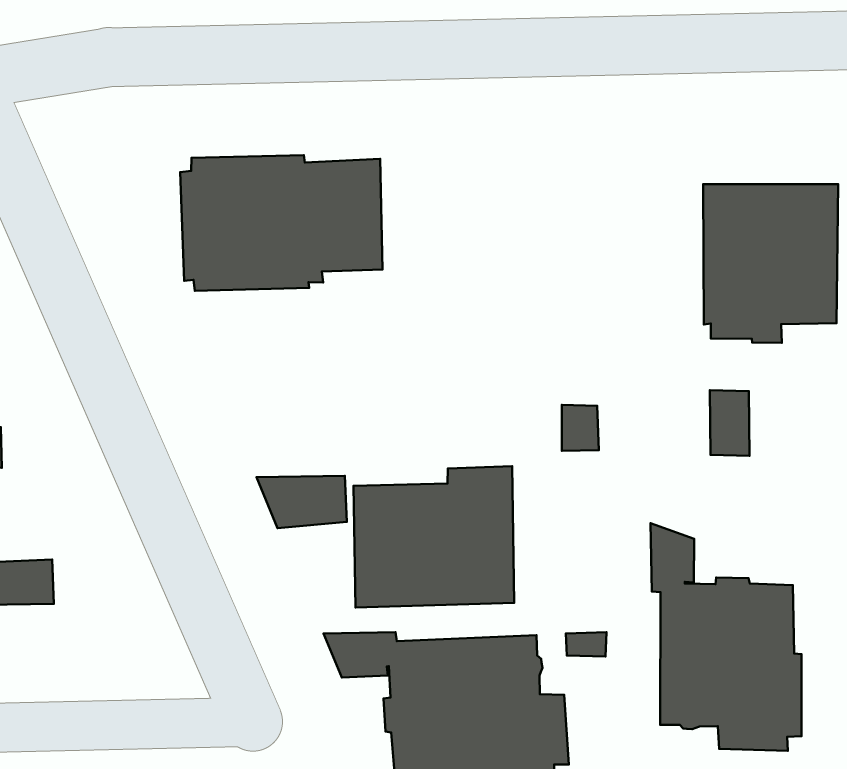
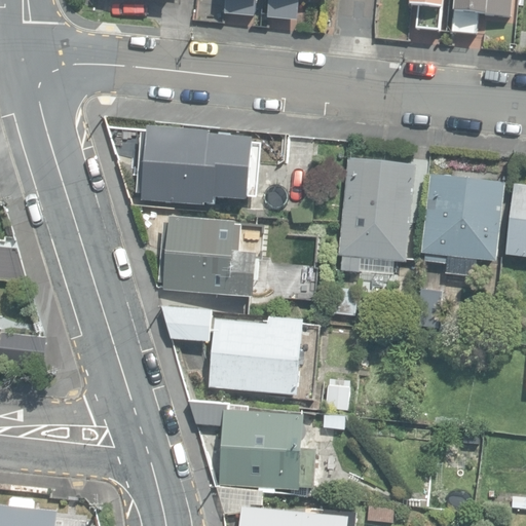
building: none -> [338,158,417,269]
building: none -> [157,215,260,299]
building: [650,523,802,751] -> none

